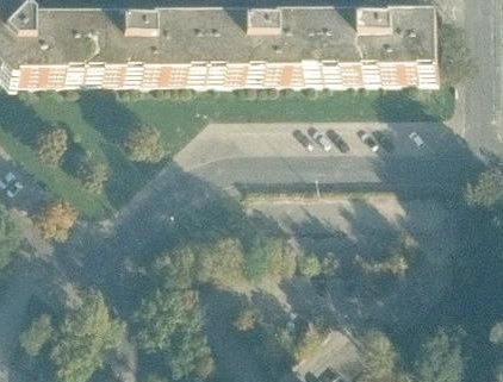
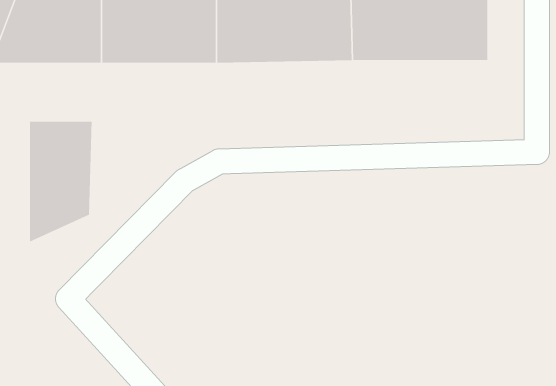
building: none -> [30,121,92,242]

